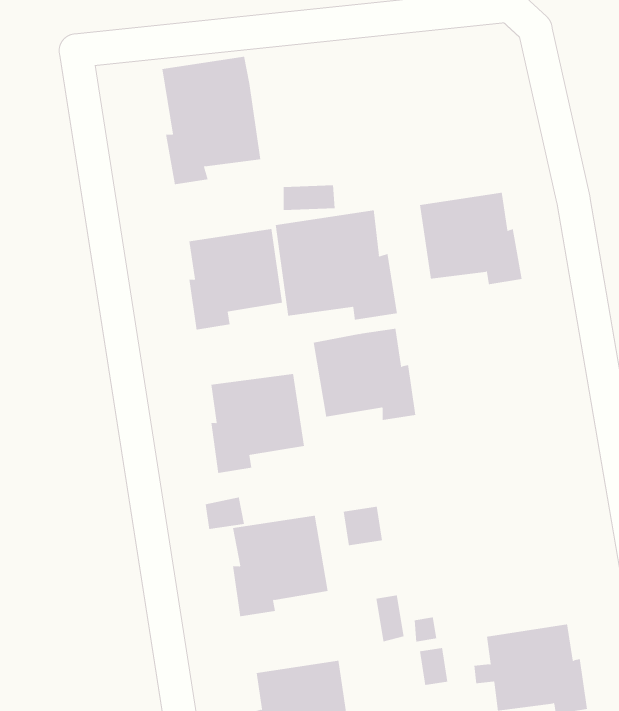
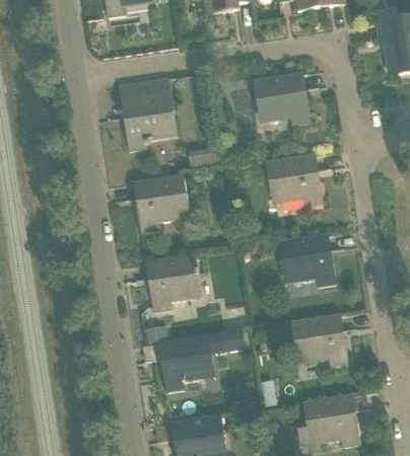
building: none -> [253,73,310,125]
building: [275,210,398,321] -> none
building: [313,328,416,421] -> [277,234,335,286]
building: none -> [290,315,347,366]

